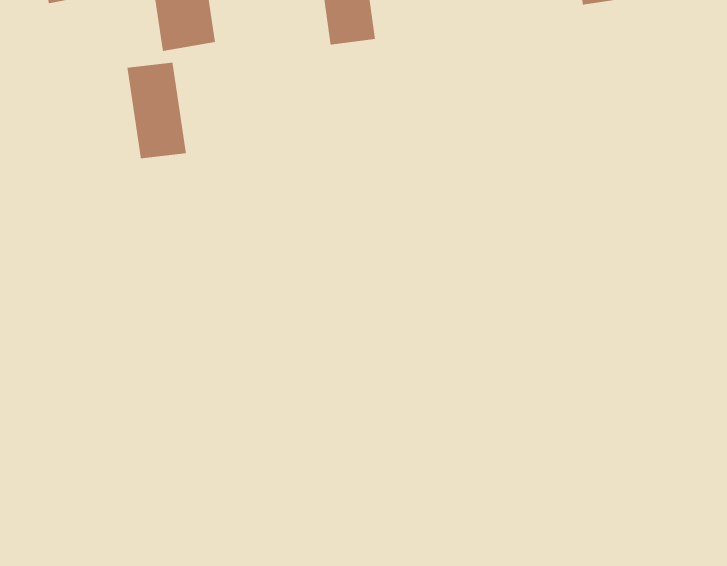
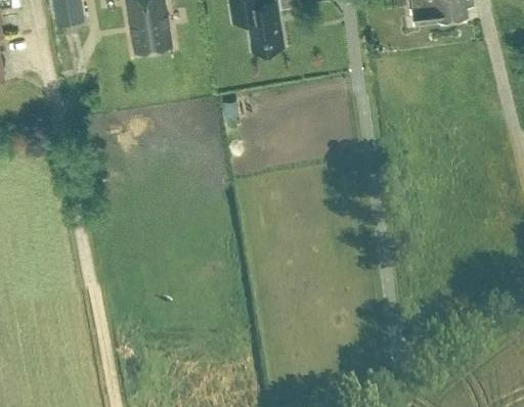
building: [127,62,186,159] -> none

